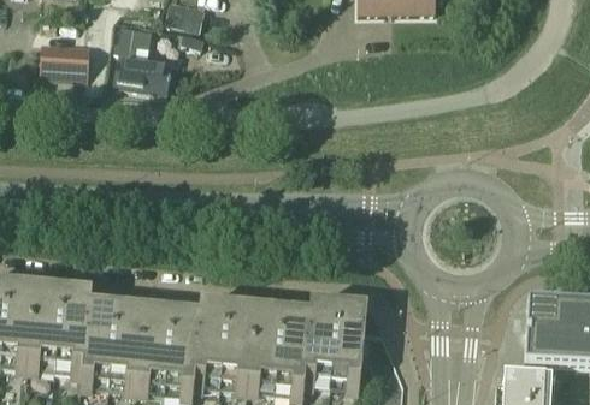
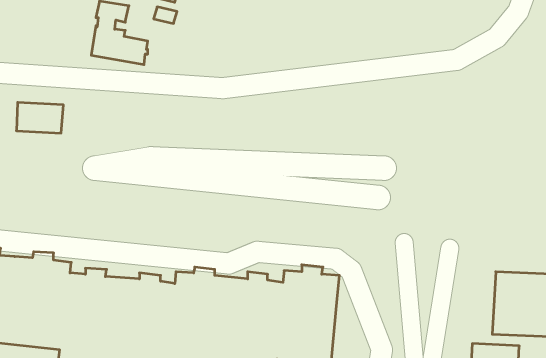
building: [41,43,89,75] -> [16,102,63,133]

